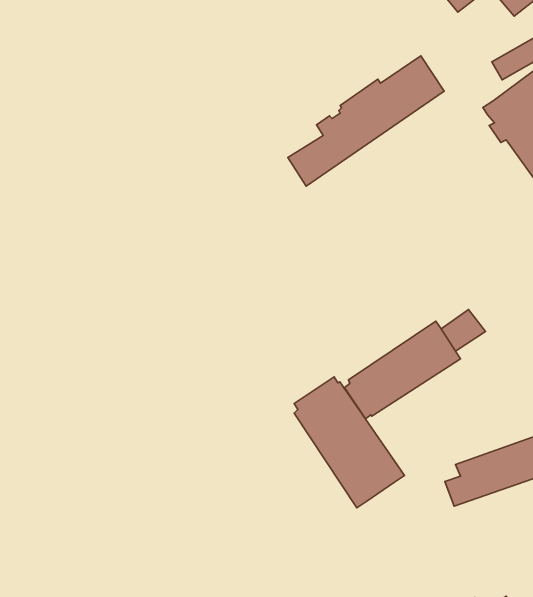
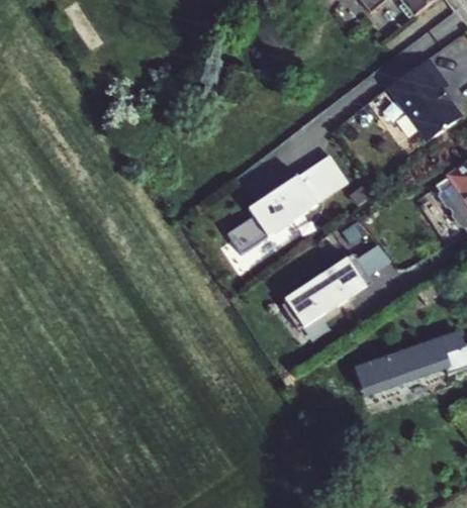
building: [288,56,444,186] -> [228,154,350,255]
building: [294,377,405,508] -> none

